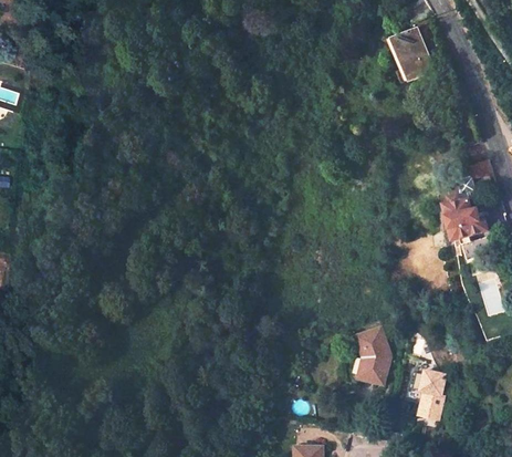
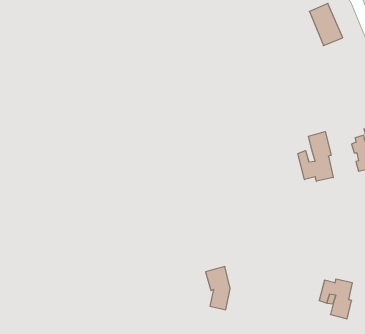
building: none -> [298,132,333,181]
building: [357,326,388,381] -> [206,267,230,310]

